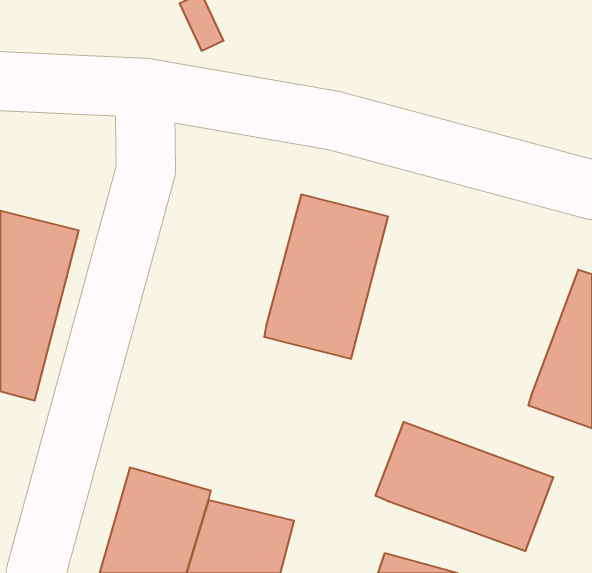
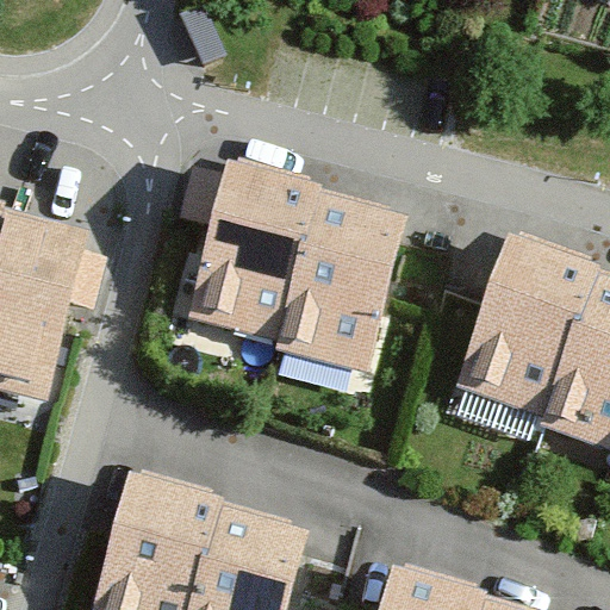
building: none -> [181,168,312,334]
building: none -> [461,237,598,405]
building: [376,422,553,551] -> none

